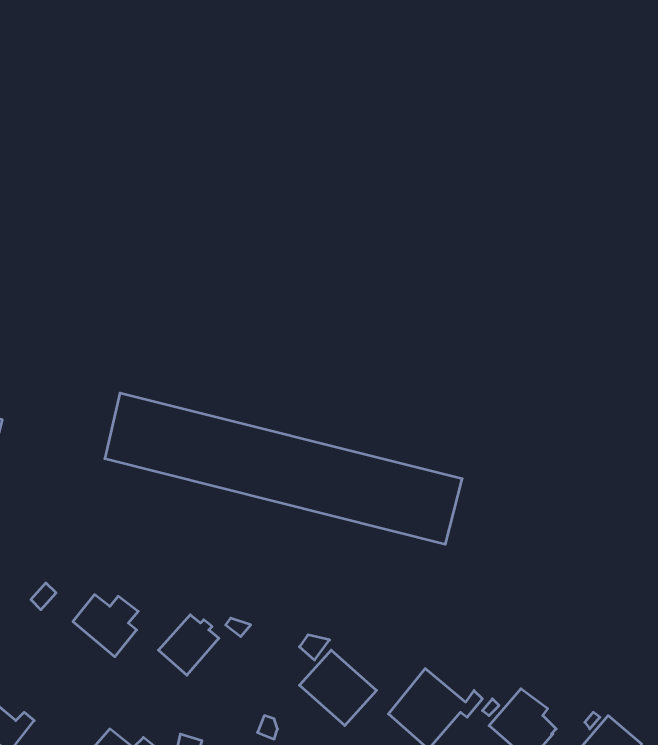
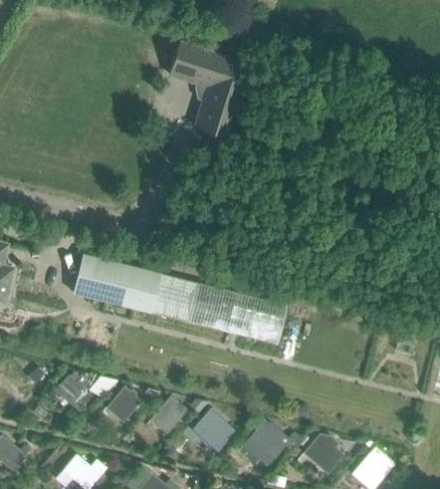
building: none -> [169,41,252,138]
building: none -> [150,396,188,434]

